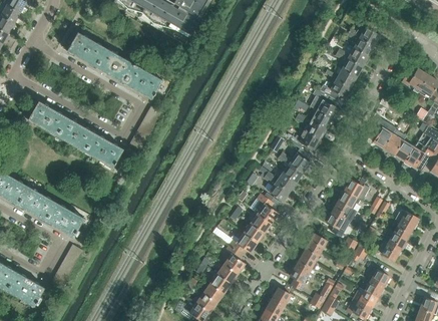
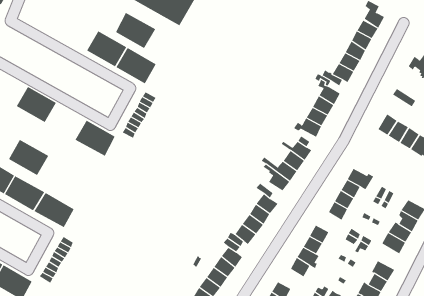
building: [67,31,106,66] -> [115,12,156,49]
building: [56,116,95,151] -> [8,139,49,176]

